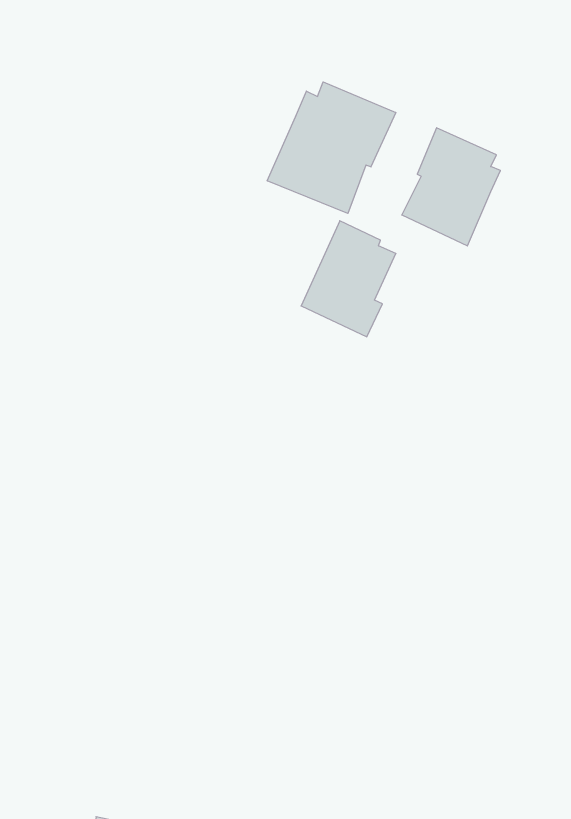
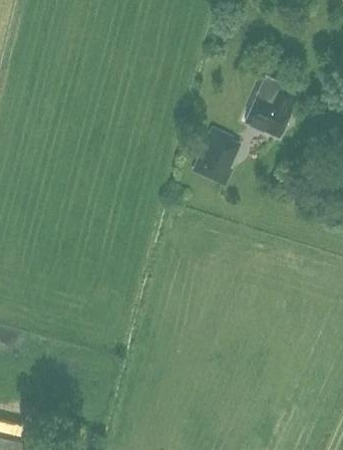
building: [267,82,396,213] -> none

